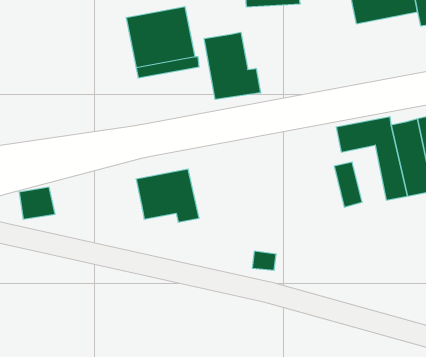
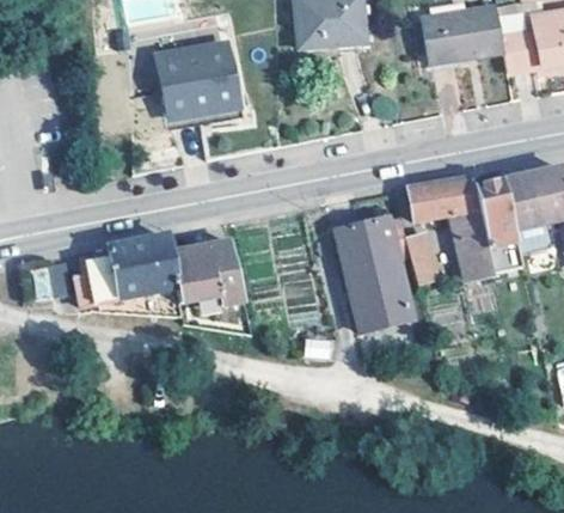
building: [204,32,261,99] -> none
building: none -> [336,216,411,331]
building: none -> [74,234,176,304]

